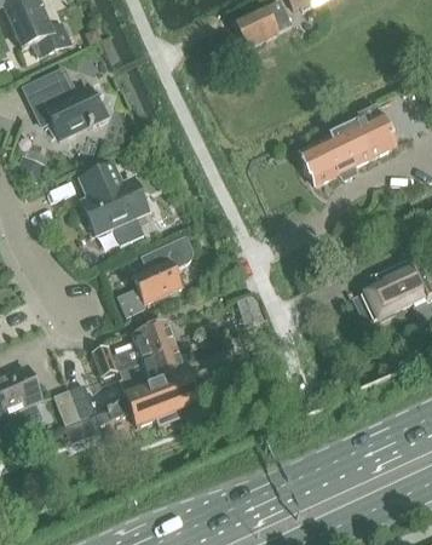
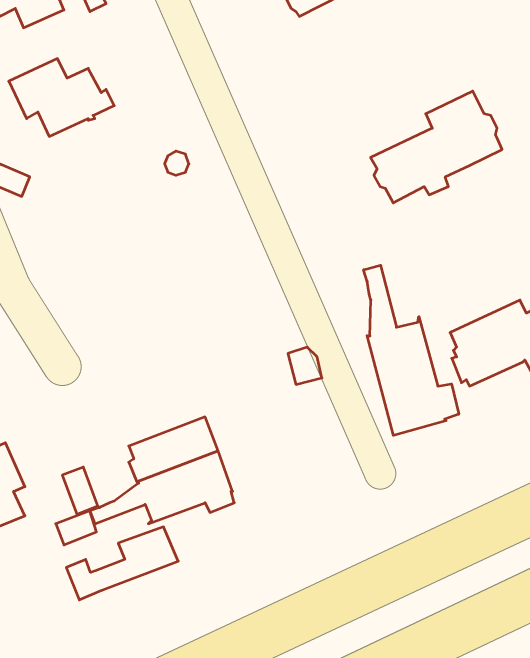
building: [81,164,148,245] -> none
building: none -> [364,265,459,435]
building: [117,236,191,315] -> none
building: [92,321,175,375] -> [66,527,178,600]

